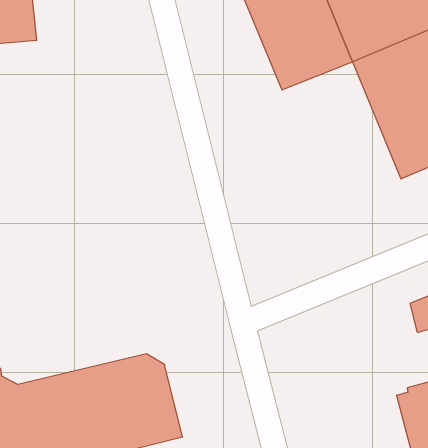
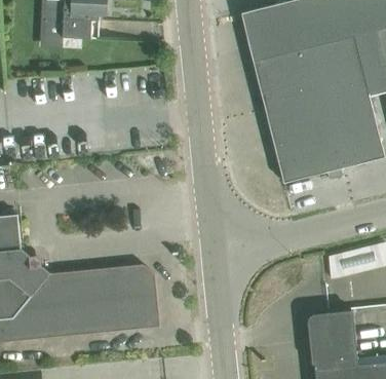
building: none -> [262,85,335,183]

